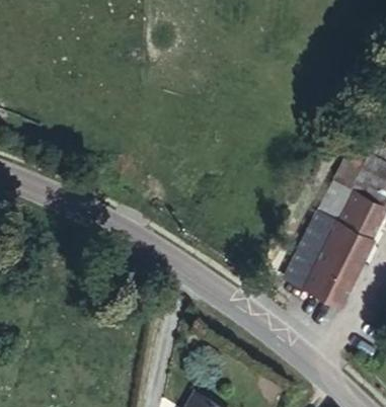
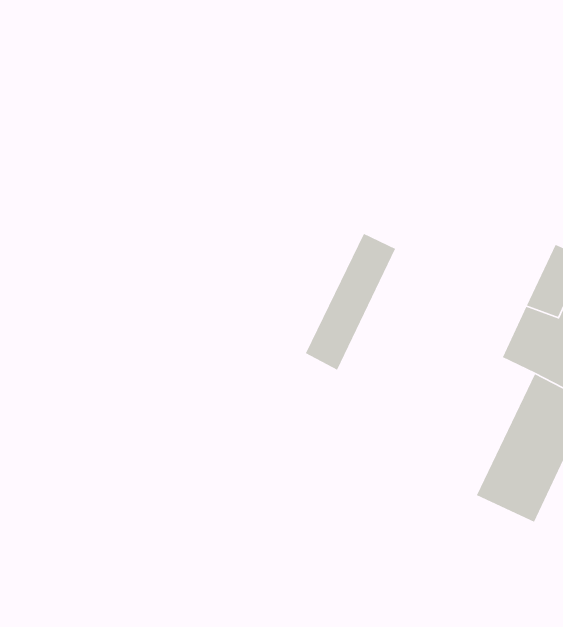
building: [286,212,339,293] -> [305,233,396,371]

